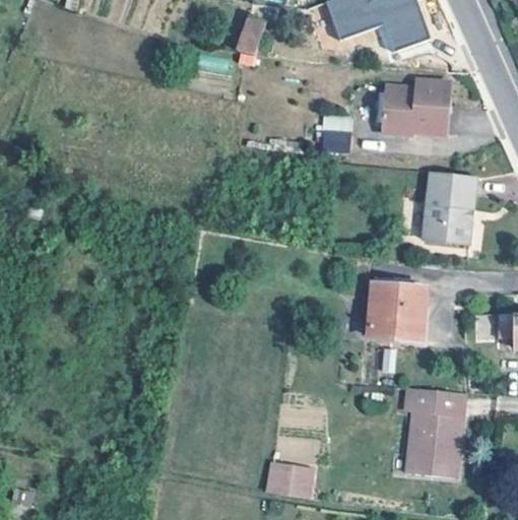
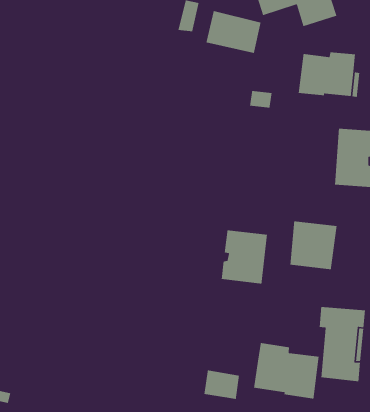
building: none -> [205,10,262,54]
building: none -> [221,229,268,285]
building: none -> [253,342,319,400]

